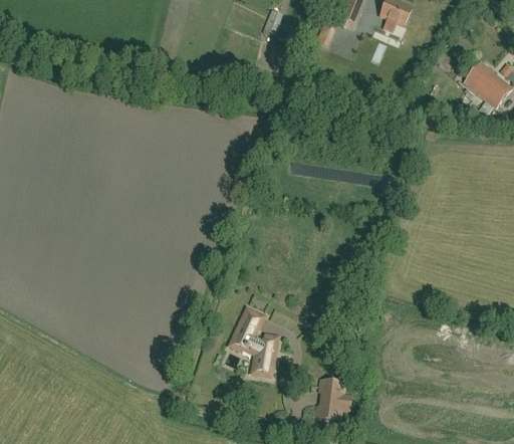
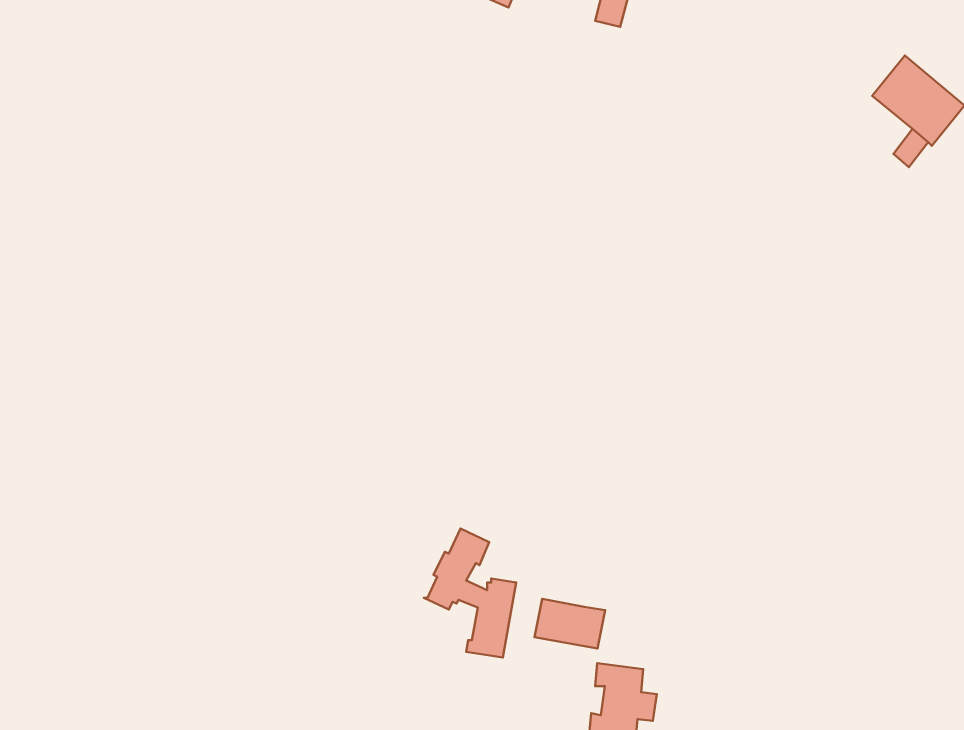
building: none -> [534,599,605,649]

